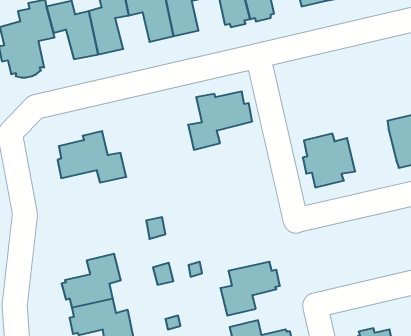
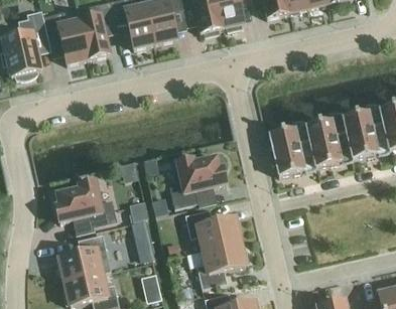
building: [188,92,252,150] -> [169,156,226,207]
building: none -> [305,120,351,166]
building: [58,131,126,183] -> [55,180,116,225]
building: none -> [184,208,241,249]

